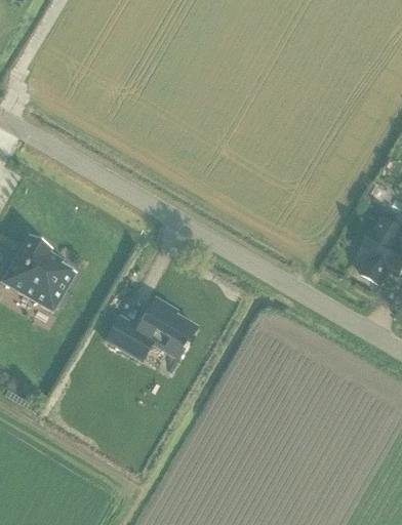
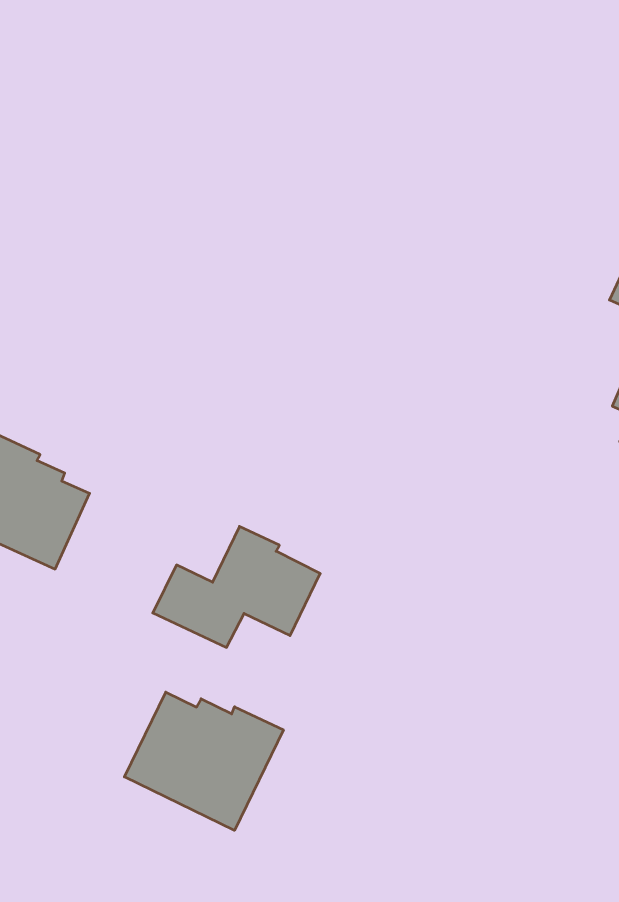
building: none -> [124,692,283,830]

